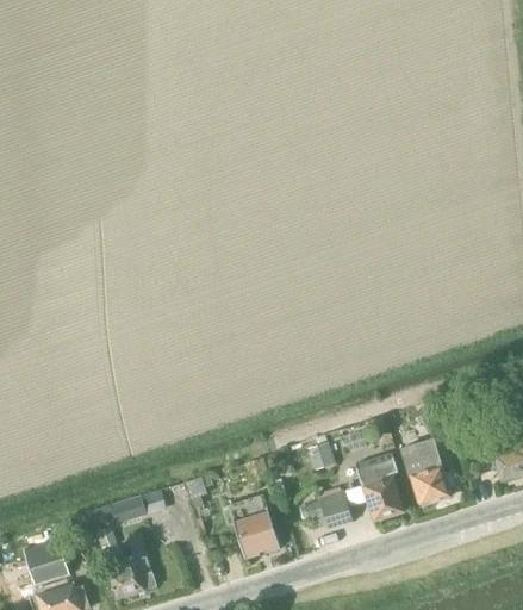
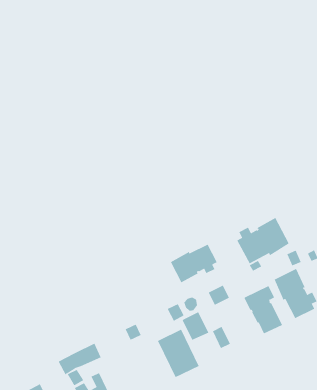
building: none -> [237,217,290,264]
building: none -> [170,244,218,283]
building: [319,490,354,528] -> [182,312,209,341]

